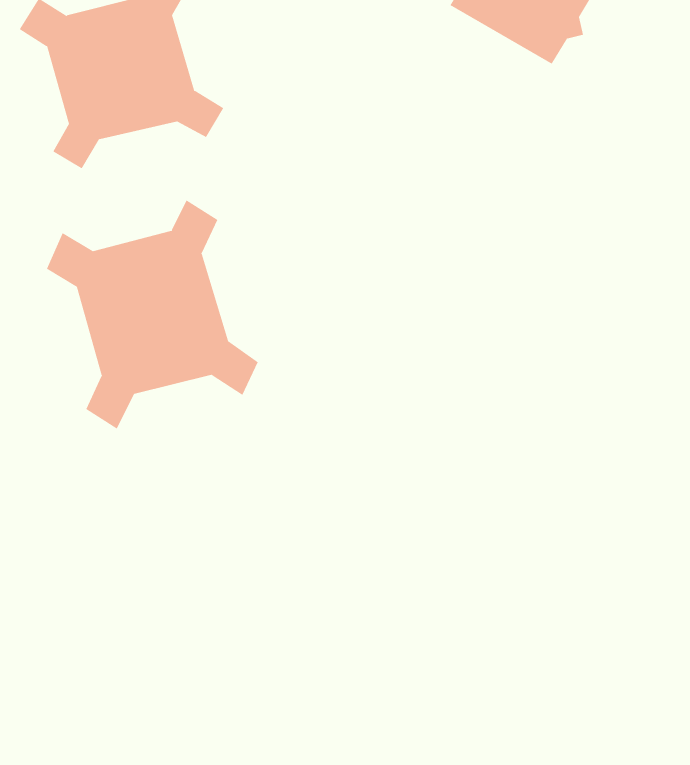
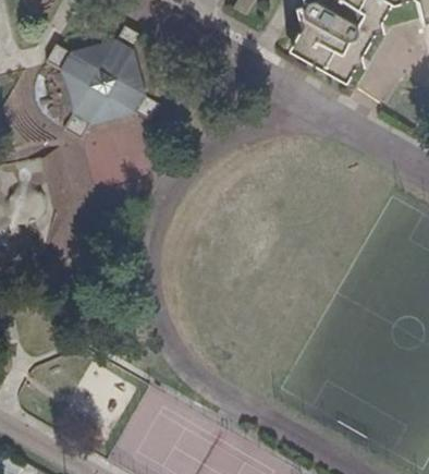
building: [46,199,258,430] -> none

